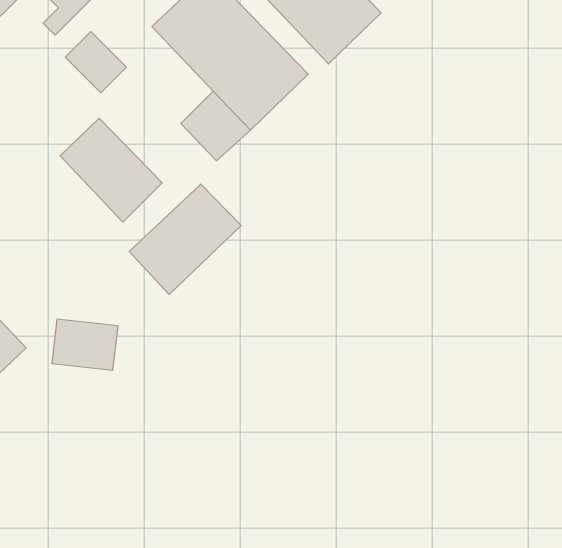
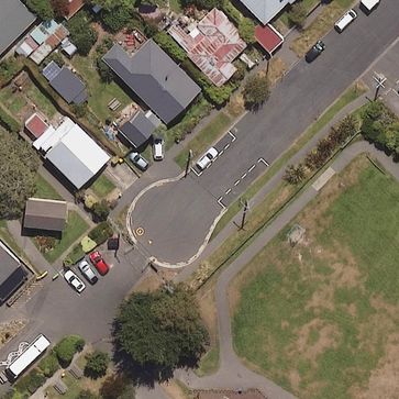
building: [129,184,241,294] -> none
building: [52,319,118,370] -> [23,197,66,230]

